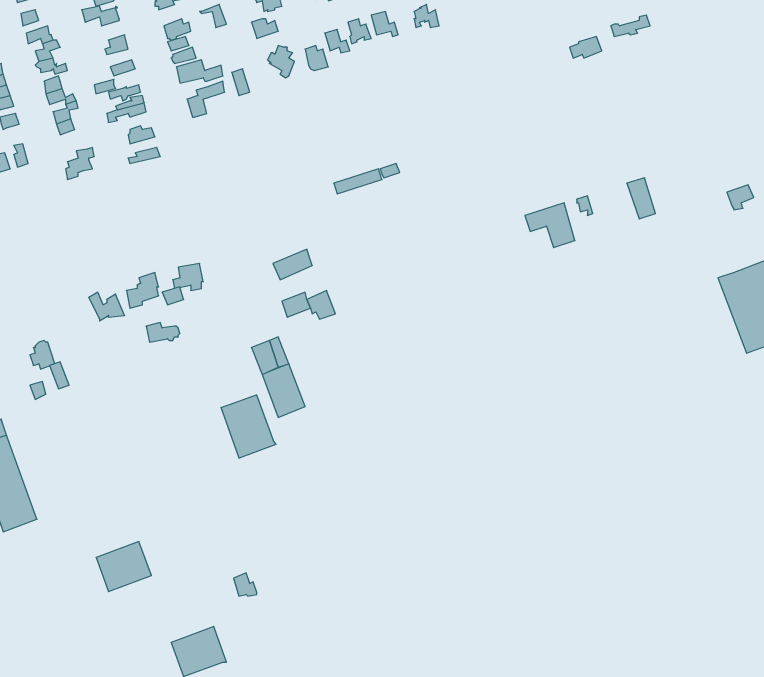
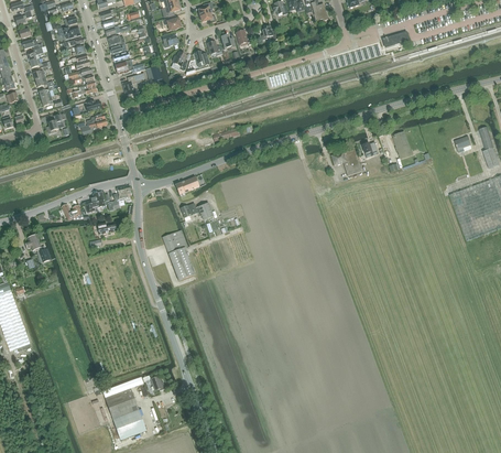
building: [221,395,276,458] -> none
building: [96,542,151,592] -> [105,388,139,419]

